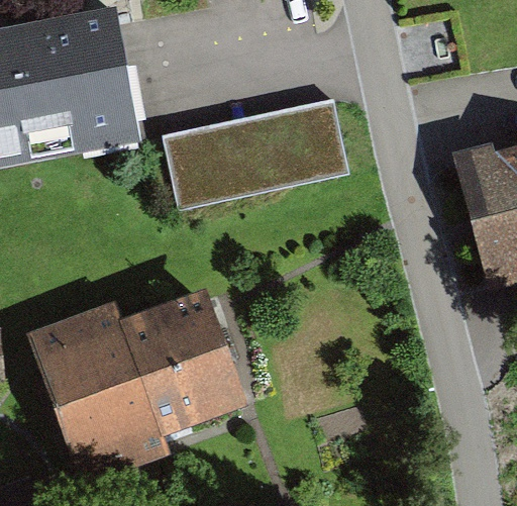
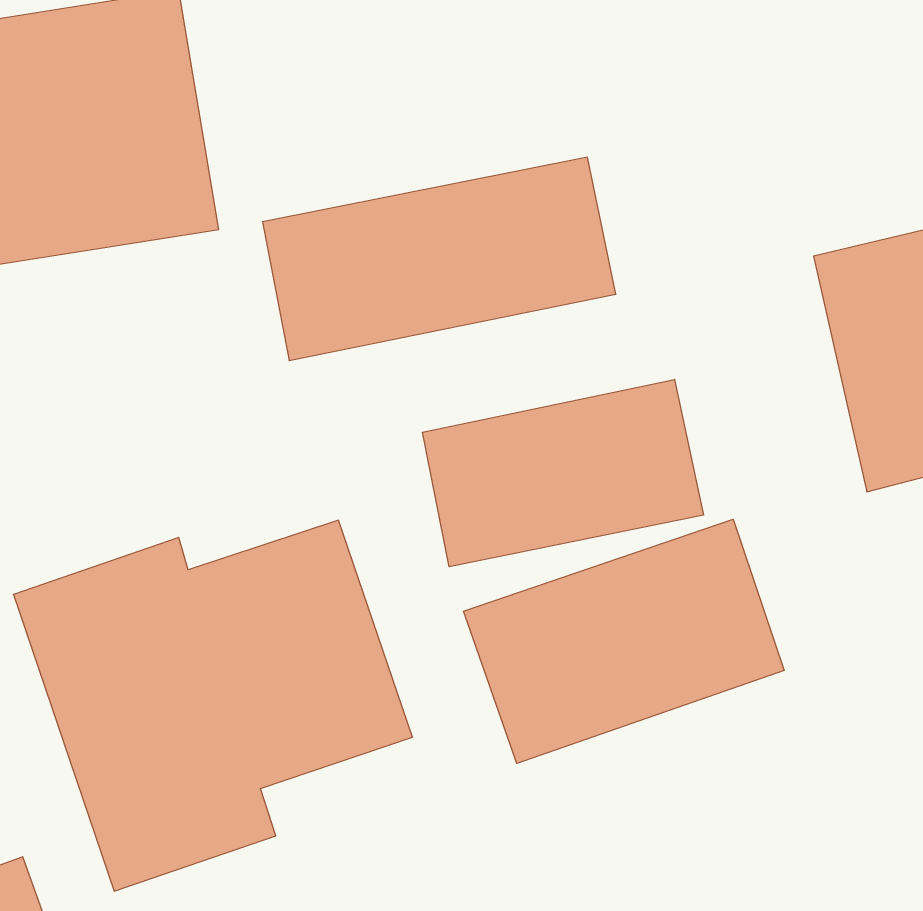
building: none -> [422,379,703,567]
building: none -> [463,519,784,763]

